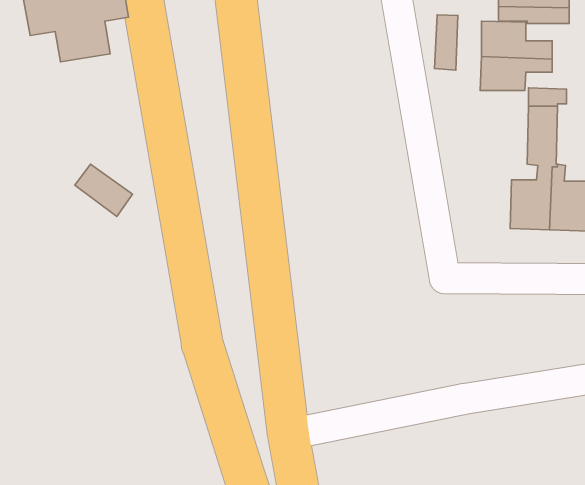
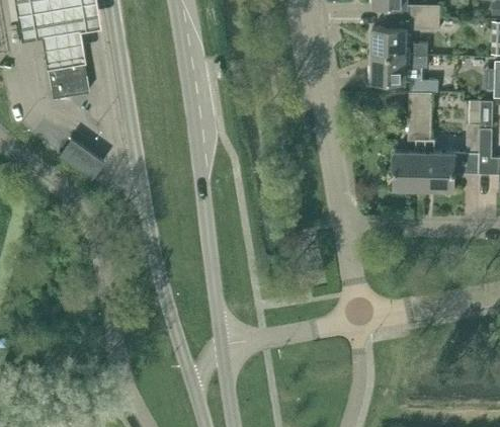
building: [434,15,458,70] -> none
building: none -> [47,56,89,98]

